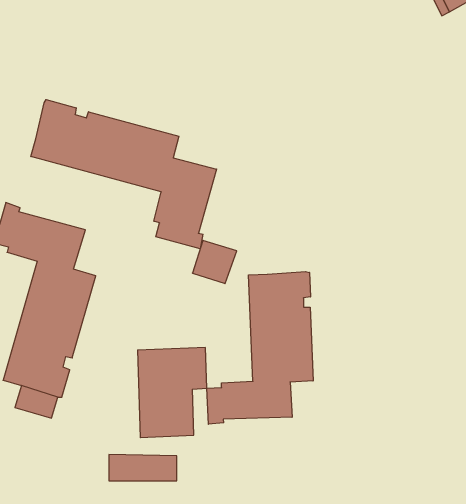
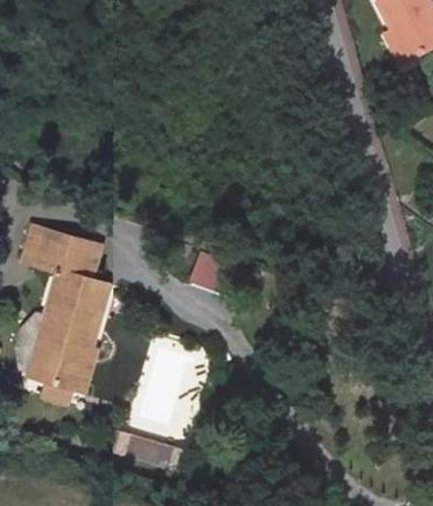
building: [31,100,217,249] -> none
building: [207,272,313,424] -> none

